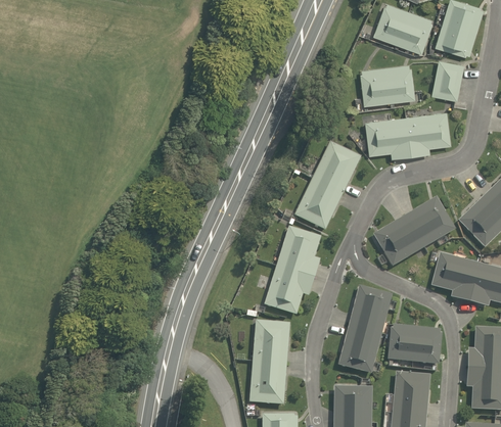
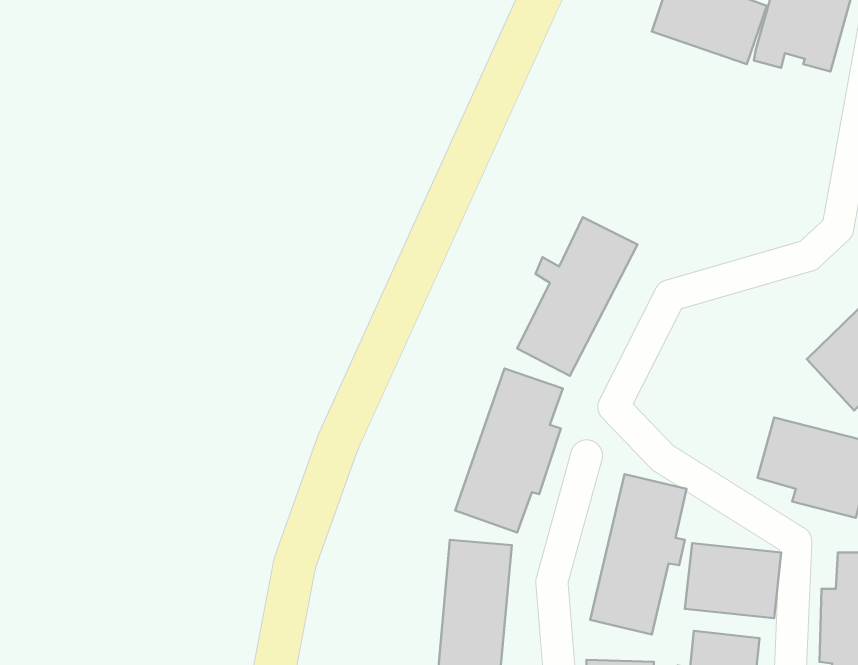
building: [429,60,465,103] -> none
building: [359,64,414,105] -> none
building: [365,108,450,162] -> none
building: [371,195,454,266] -> none

